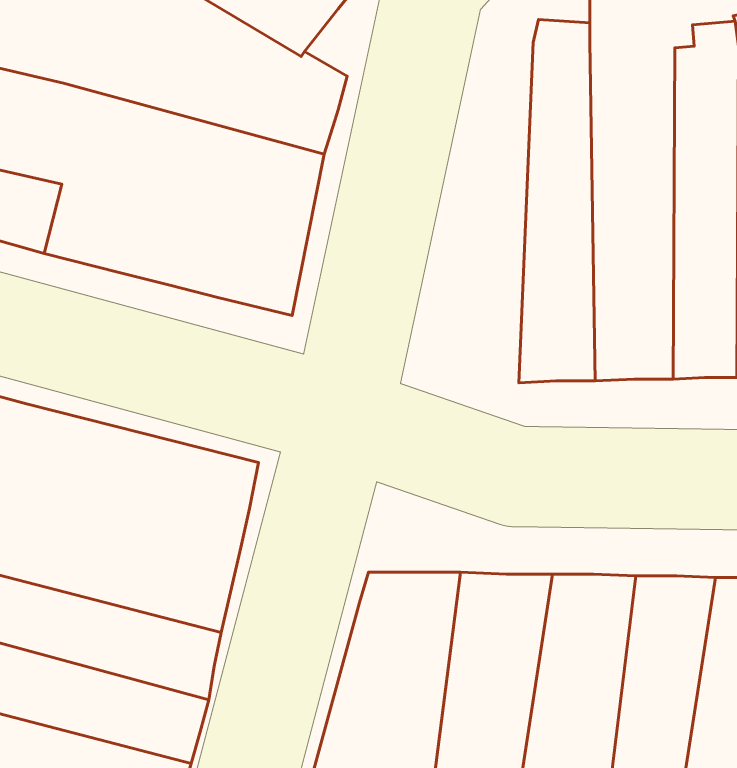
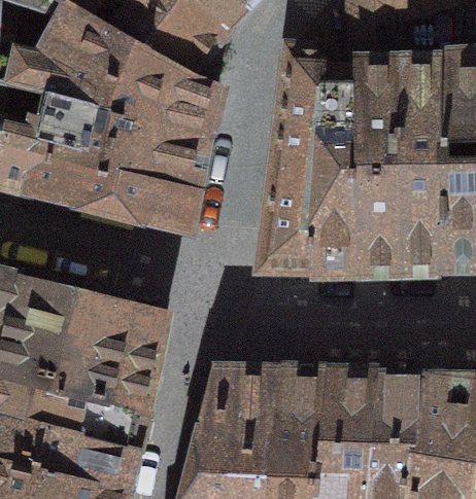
building: none -> [266,54,325,266]

